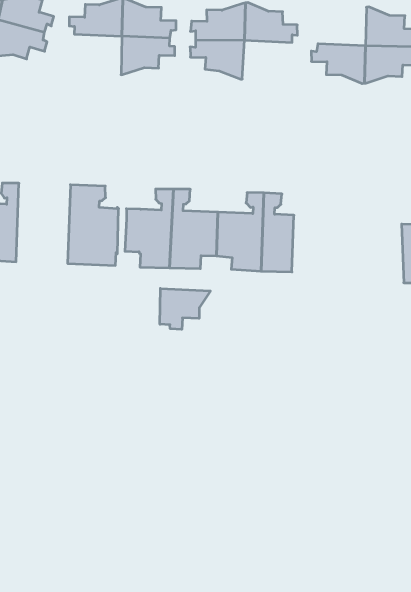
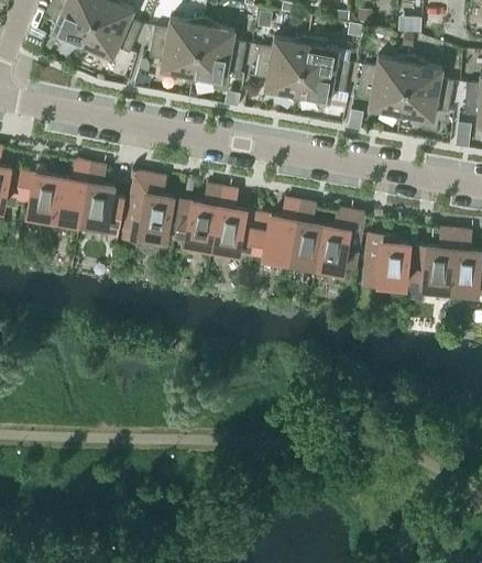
building: none -> [361,55,410,88]
building: none -> [149,42,197,82]
building: none -> [295,68,346,101]
building: none -> [78,163,124,234]
building: none -> [314,208,364,277]
building: none -> [362,233,409,286]
building: [160,288,210,329] -> none

